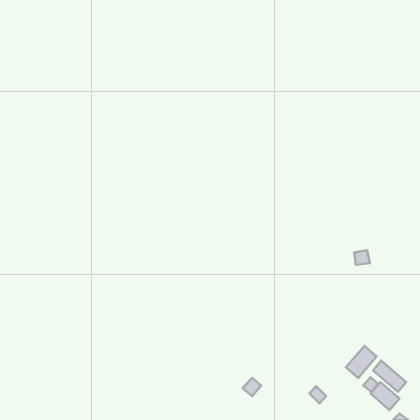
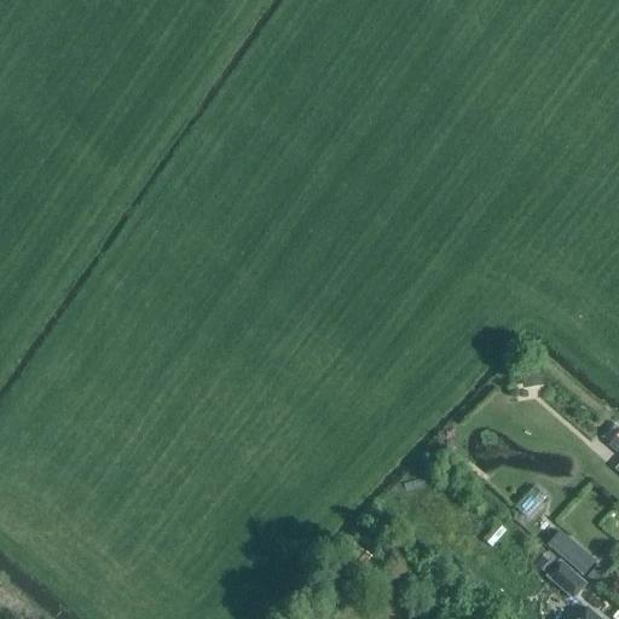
building: [346,346,377,378] -> none

